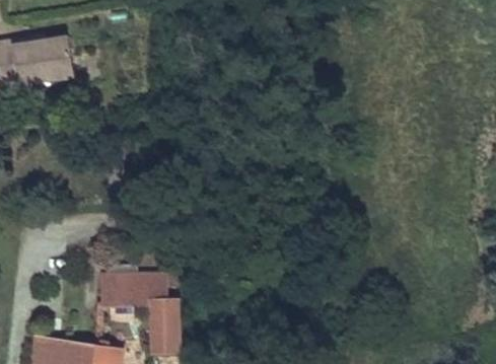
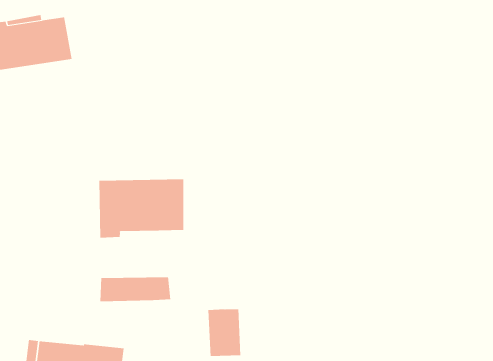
building: none -> [99,179,184,239]
building: [150,300,182,345] -> [208,309,241,357]

